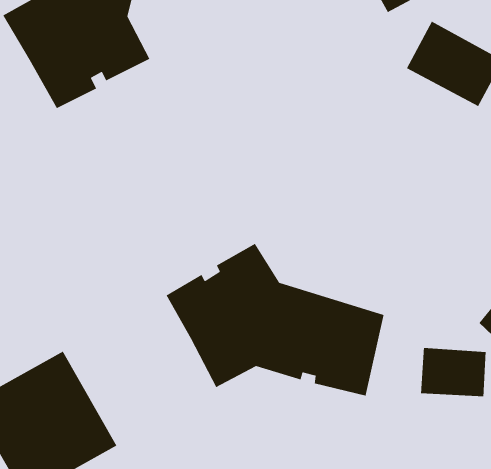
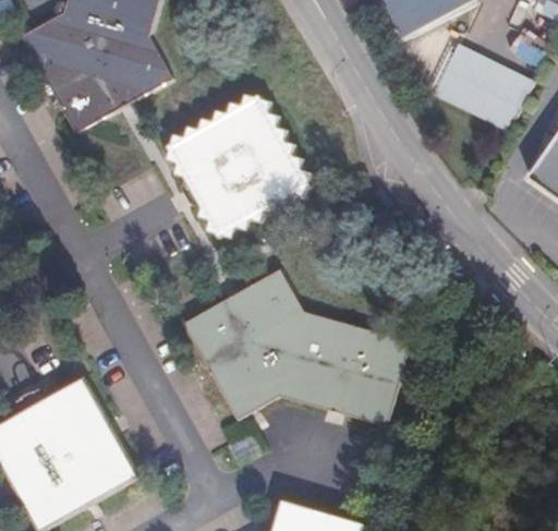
building: none -> [165,96,308,240]
building: [420,347,487,397] -> none

